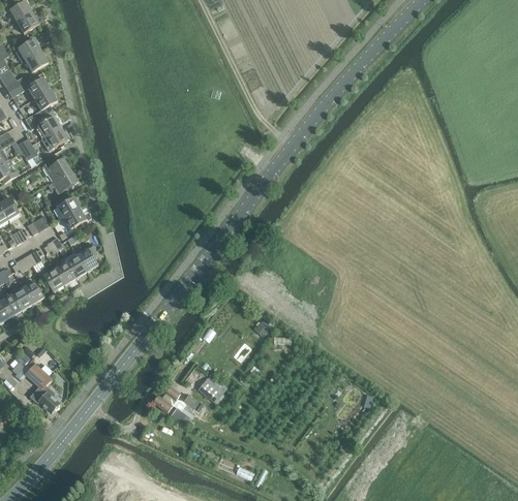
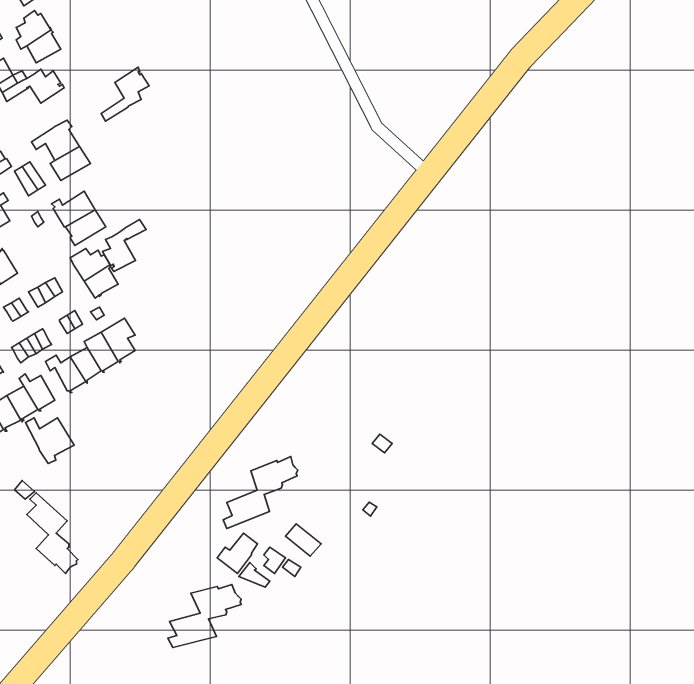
building: [25,88,57,124] -> [101,67,149,121]
building: none -> [102,219,146,272]
building: none -> [25,418,74,463]
building: none -> [223,457,298,528]
building: none -> [168,585,241,648]

